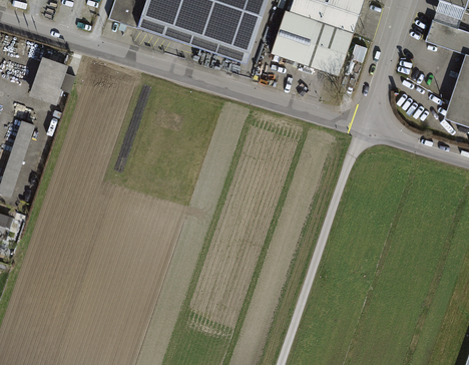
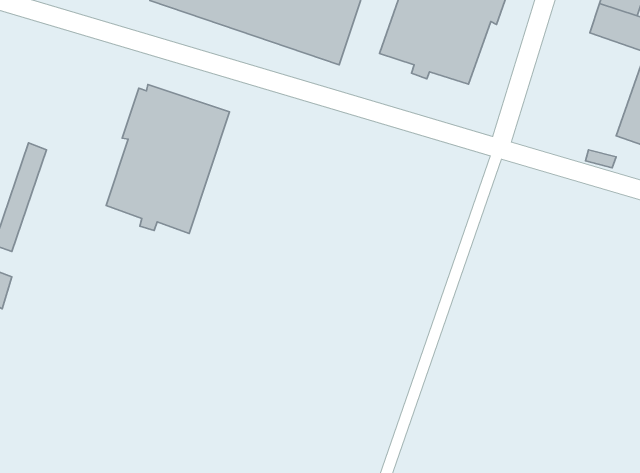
building: [28,58,74,106] -> none
building: none -> [106,84,230,234]

